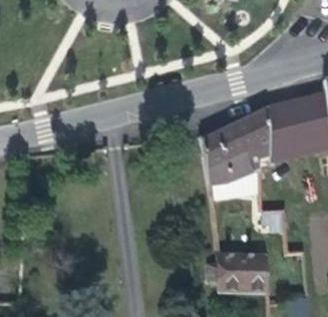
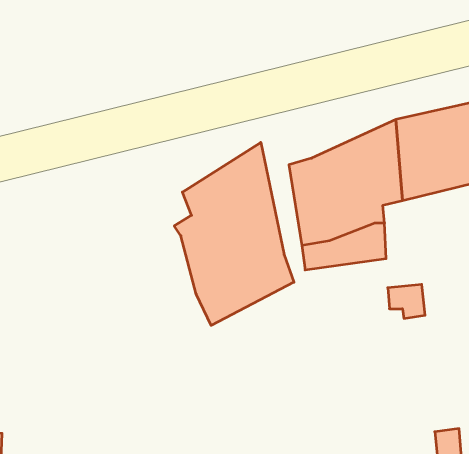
building: none -> [174,142,294,325]
building: [209,255,265,293] -> none

